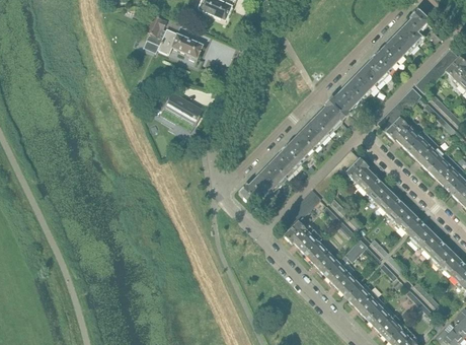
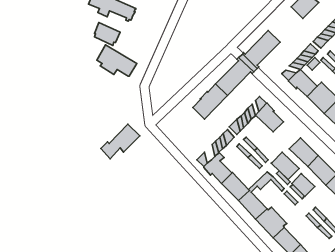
building: [361,42,402,84] -> none
building: none -> [95,22,120,45]
building: [238,162,285,204] -> [101,124,140,159]
building: [366,180,399,212] -> [271,152,299,179]
building: none -> [292,173,315,197]

